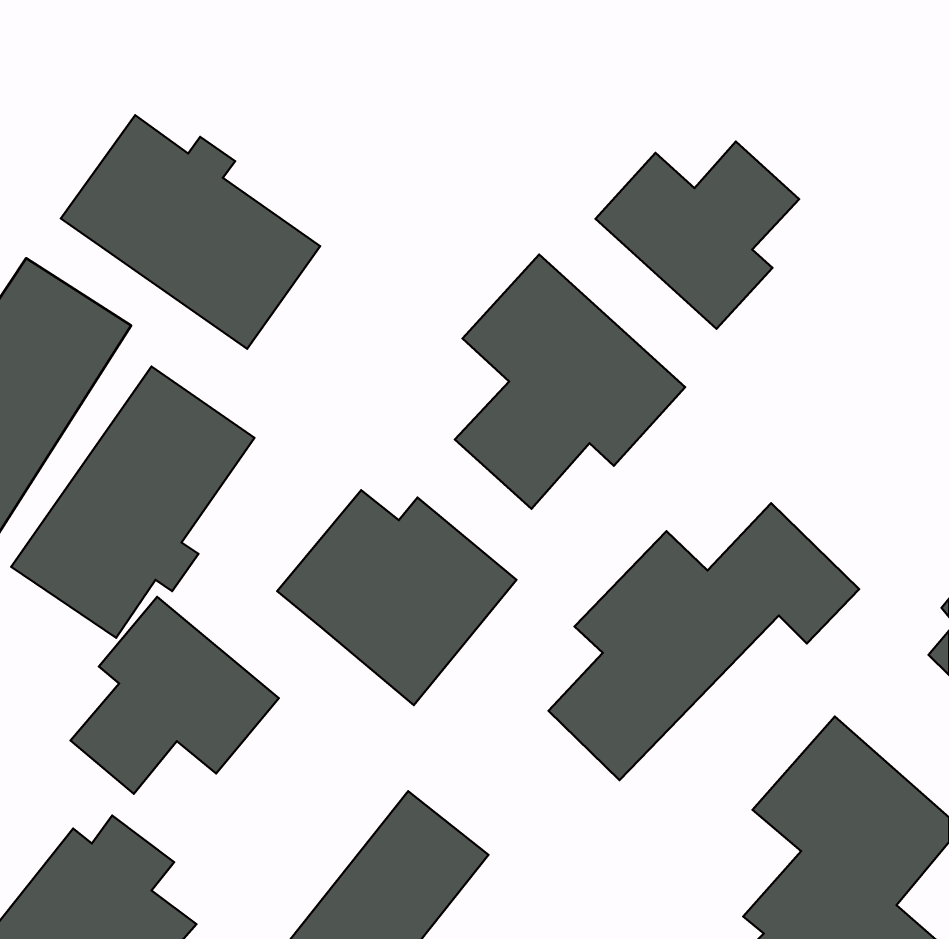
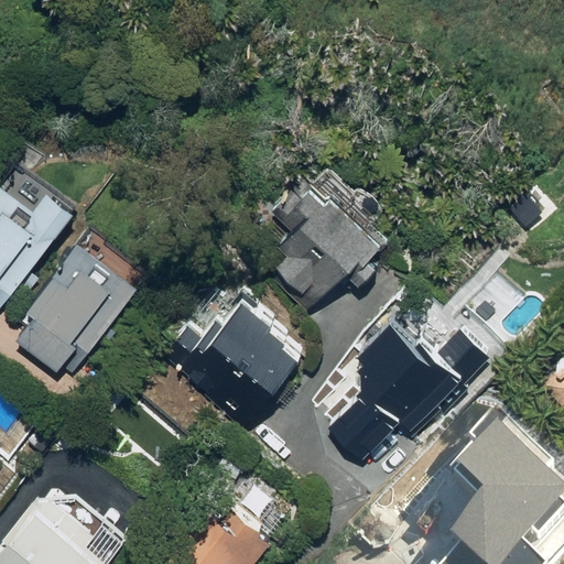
building: [61,115,320,349] -> none
building: [595,141,799,329] -> none
building: [70,597,279,794] -> none

